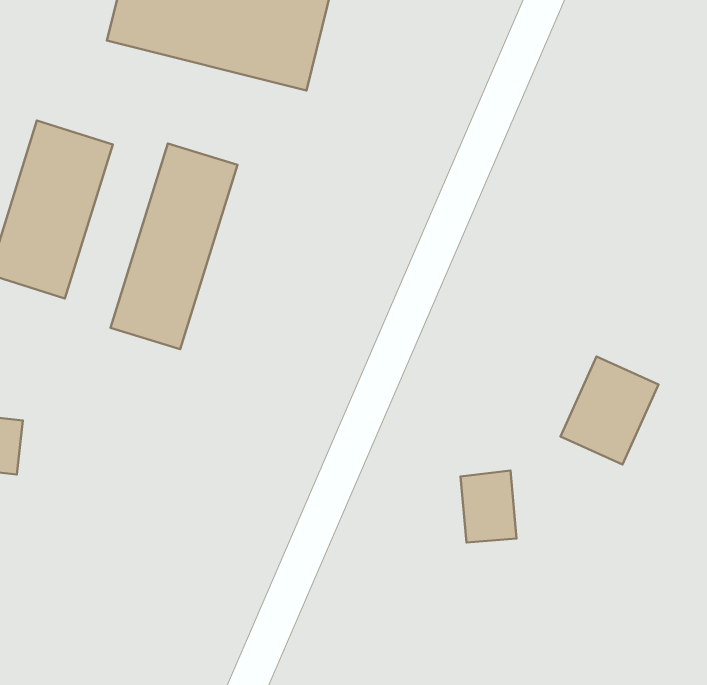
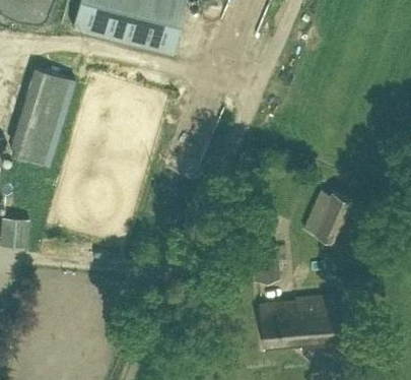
building: [111,143,237,349] -> none
building: none -> [259,294,347,347]

